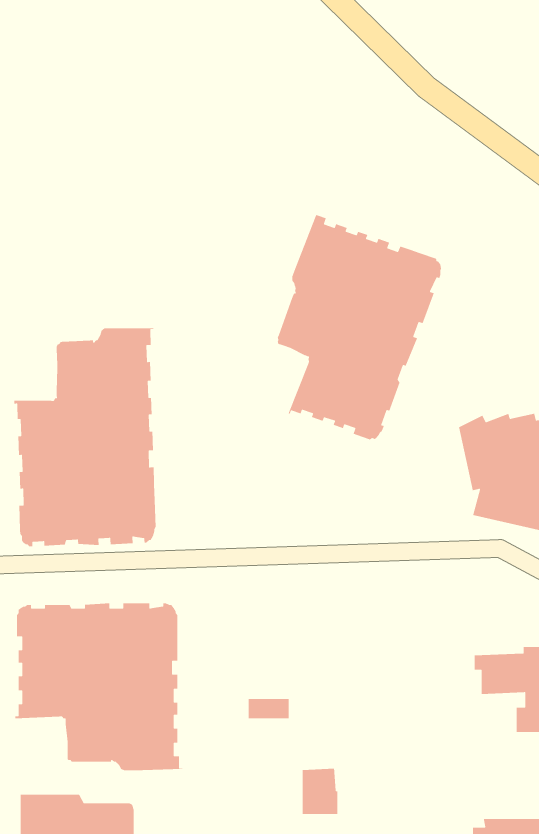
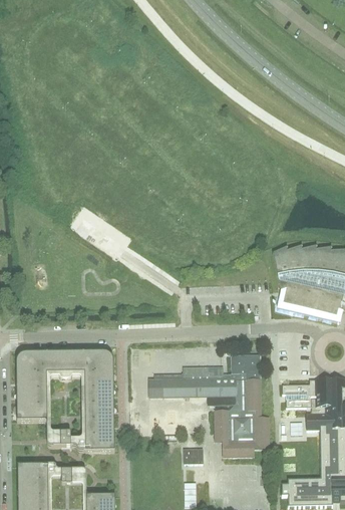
building: [277,210,442,440] -> none
building: [13,327,156,547] -> none
building: none -> [149,354,269,457]

